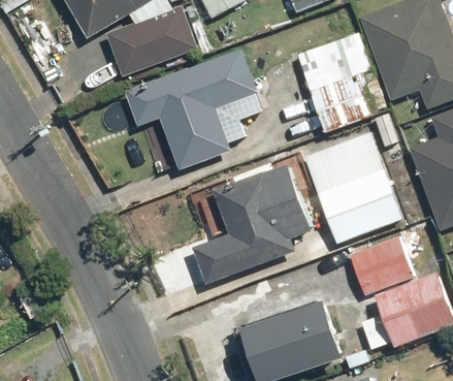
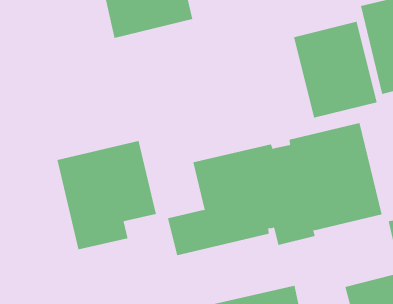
building: [124,60,239,169] -> none
building: none -> [57,140,157,250]
building: [348,236,414,294] -> none

